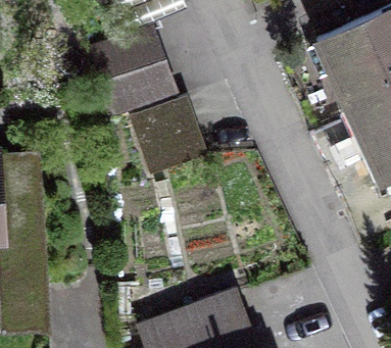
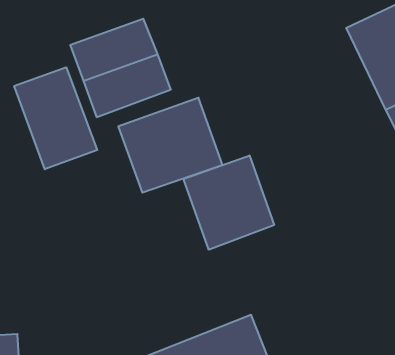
building: none -> [14,67,97,169]
building: none -> [184,155,274,250]

